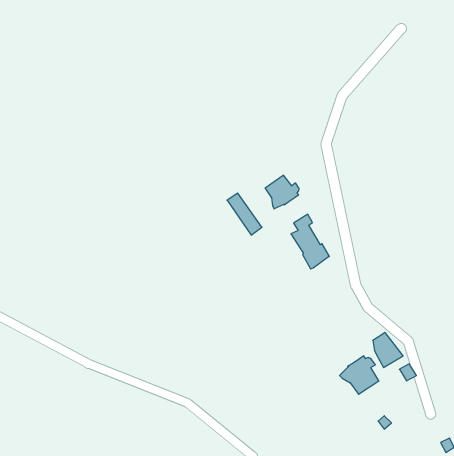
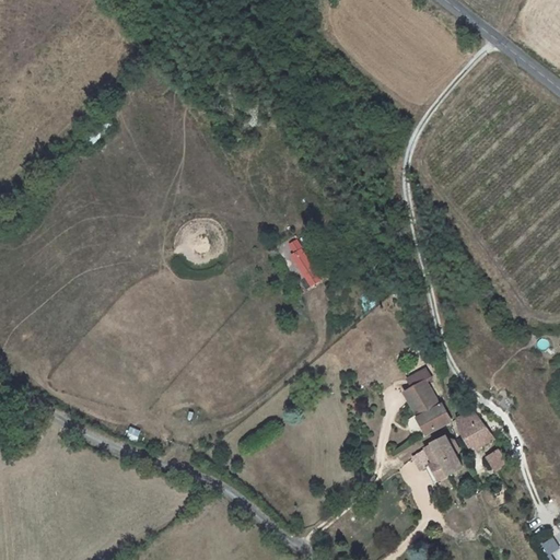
building: [265,175,299,209] -> none
building: [291,214,329,269] -> [404,370,451,436]

